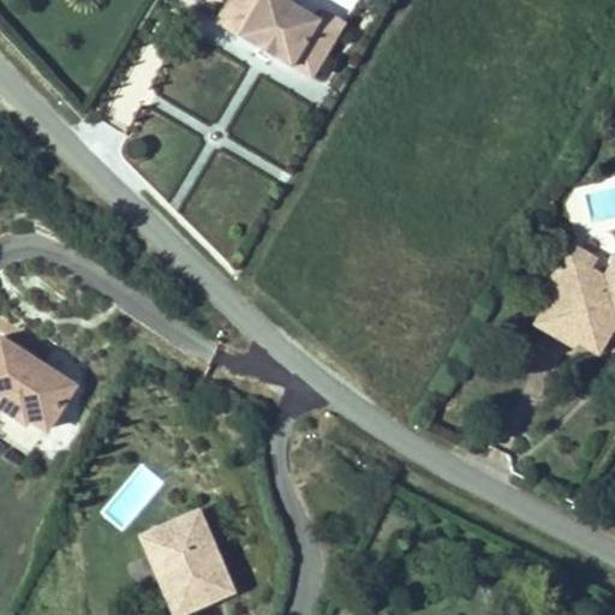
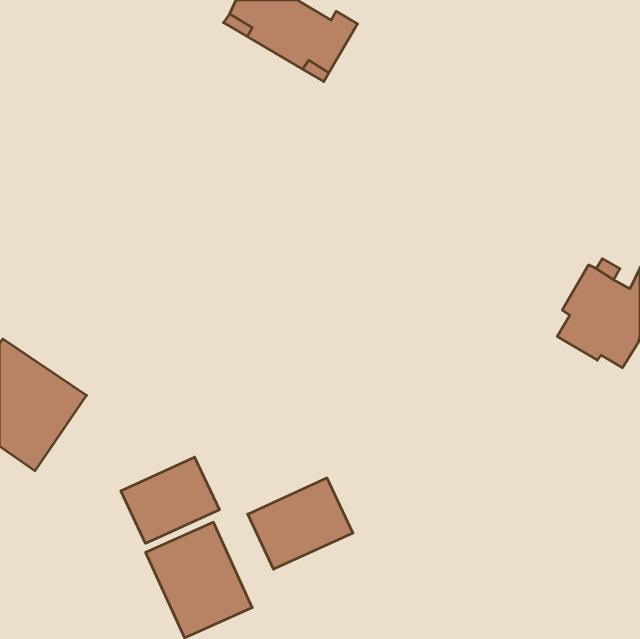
building: none -> [121,457,219,543]
building: none -> [248,478,353,569]

